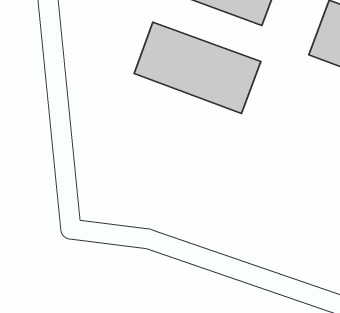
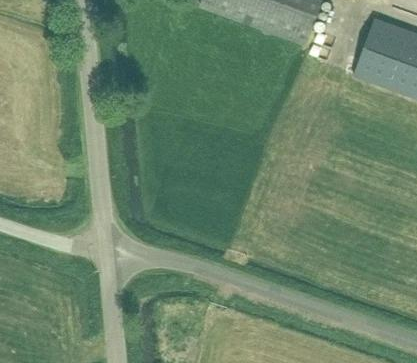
building: [134,22,261,114] -> none

